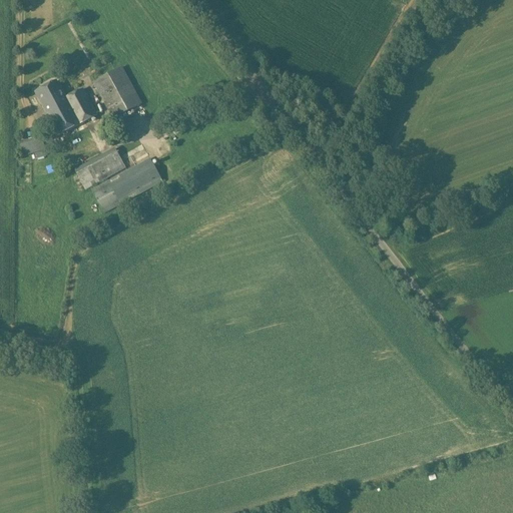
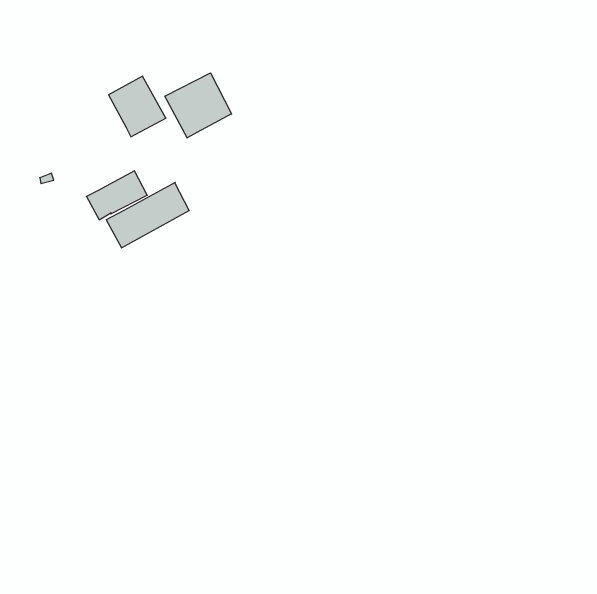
building: none -> [165,73,232,138]
building: [35,79,97,134] -> none

